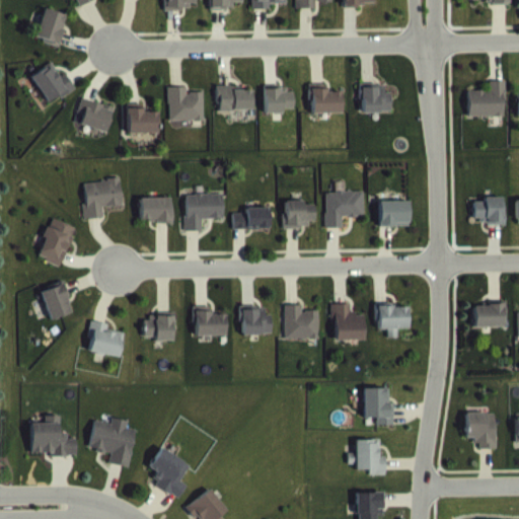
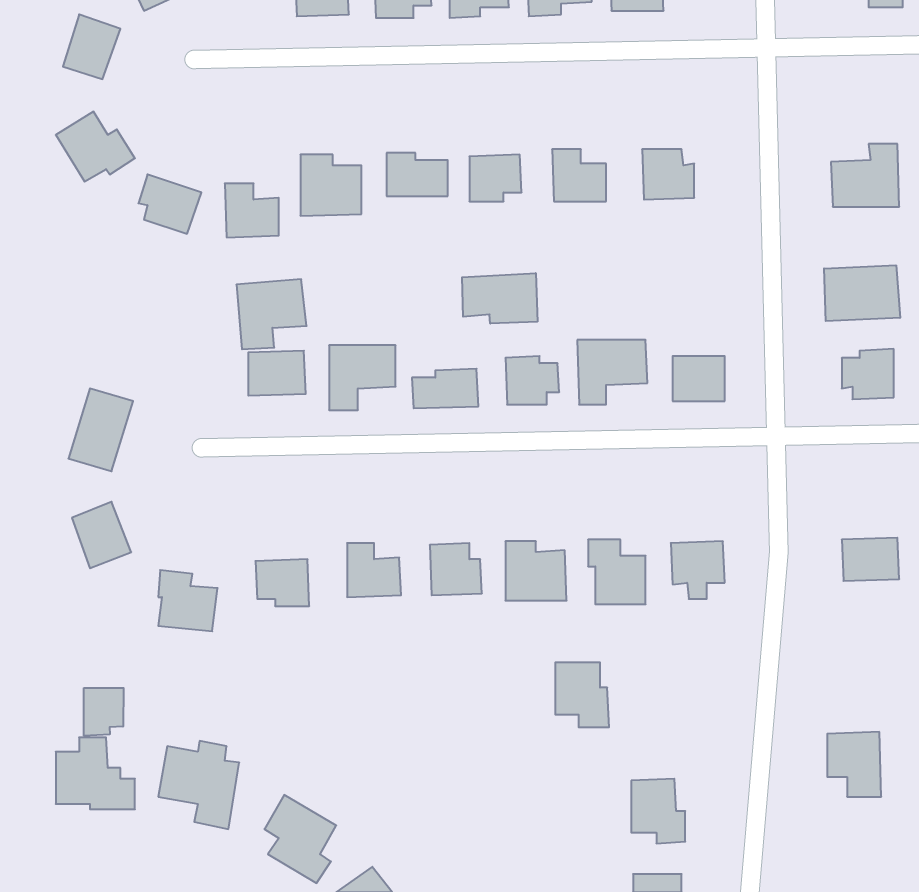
building: none -> [824,265,900,321]
building: none -> [462,273,537,324]
building: [83,179,123,219] -> [236,279,307,349]
building: none -> [84,688,124,736]
building: [364,388,394,425] -> [555,662,609,727]

